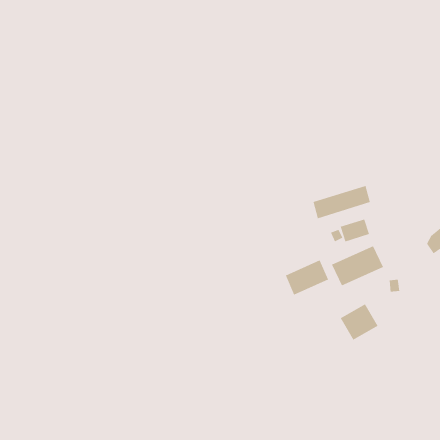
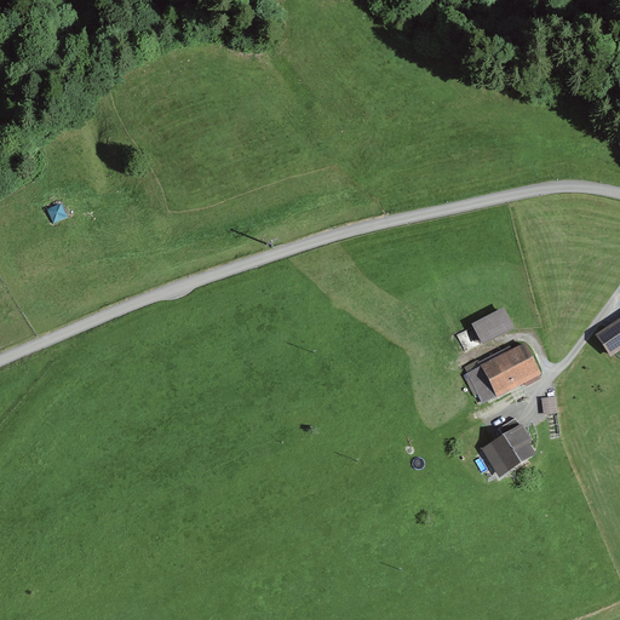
building: [313,185,370,219] -> none
building: [285,260,329,296] -> none

